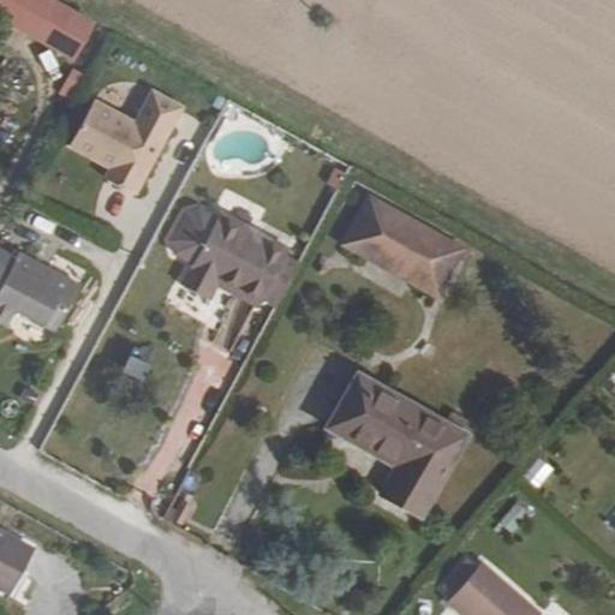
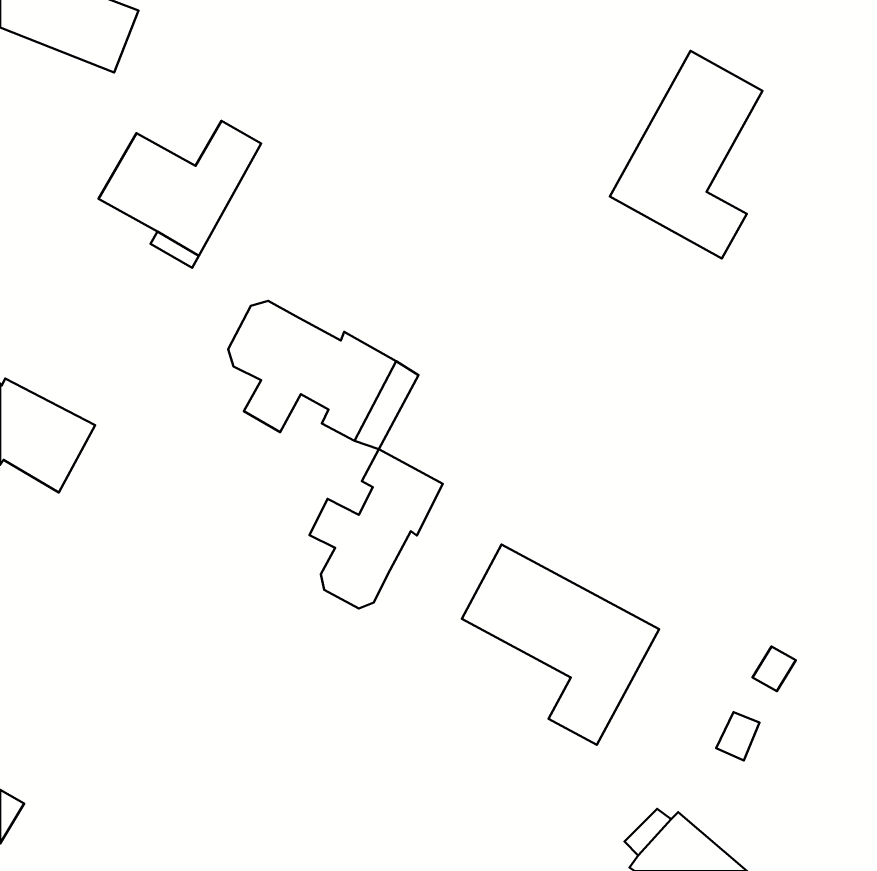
building: none -> [610,51,762,259]
building: [345,184,471,291] -> none
building: none -> [309,449,443,609]

